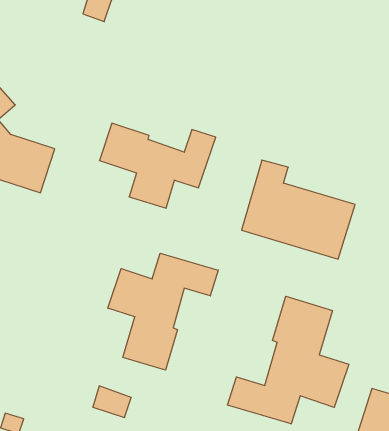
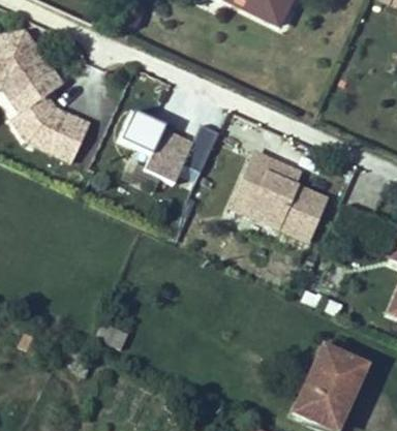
building: [108,253,218,370] -> none
building: [227,296,349,424] -> none

